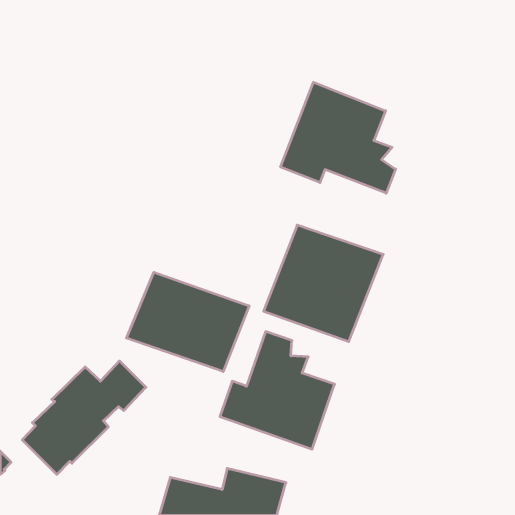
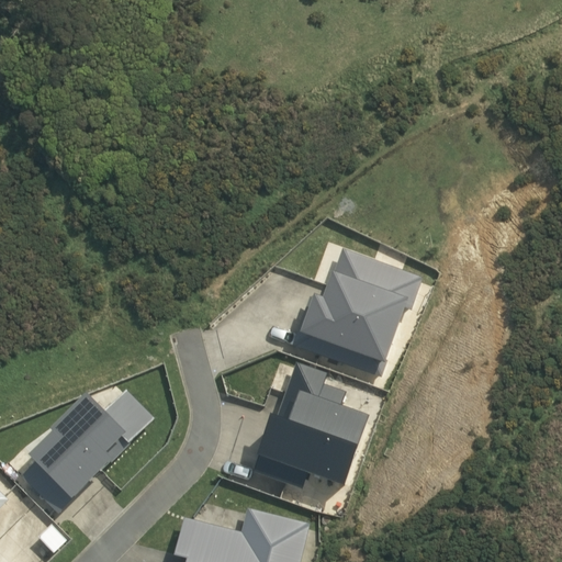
building: [281,82,396,193] -> none
building: [126,272,249,372] -> none

